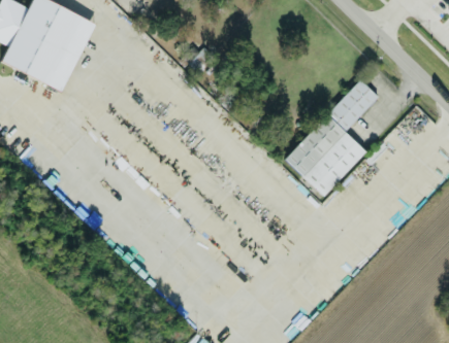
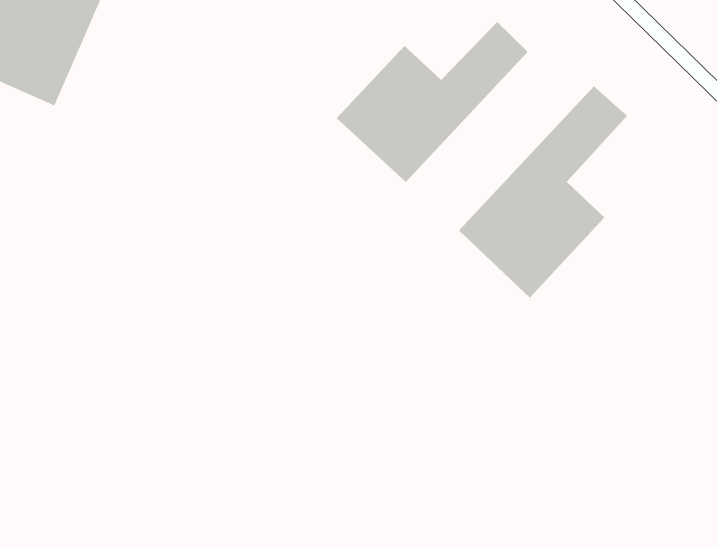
building: none -> [336,21,528,183]

